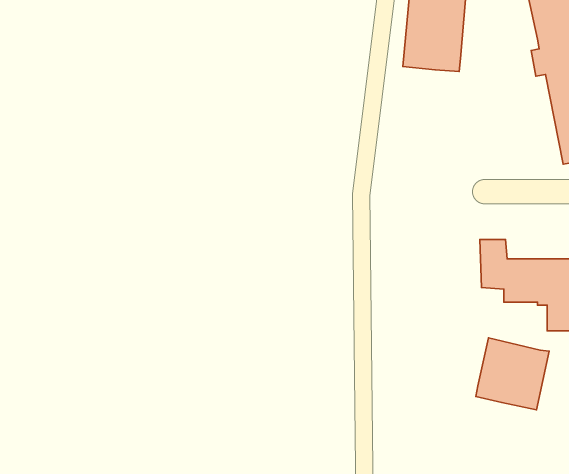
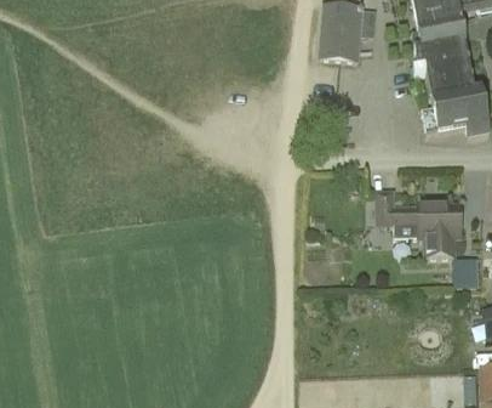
building: [476,338,549,410] -> none

